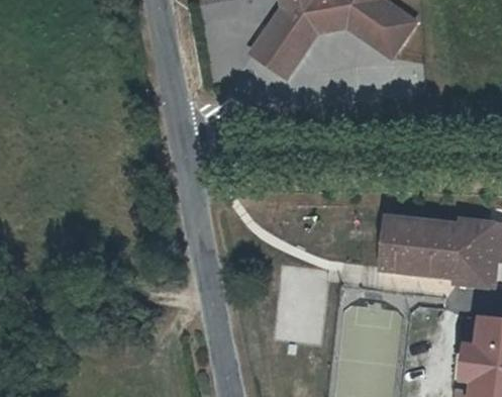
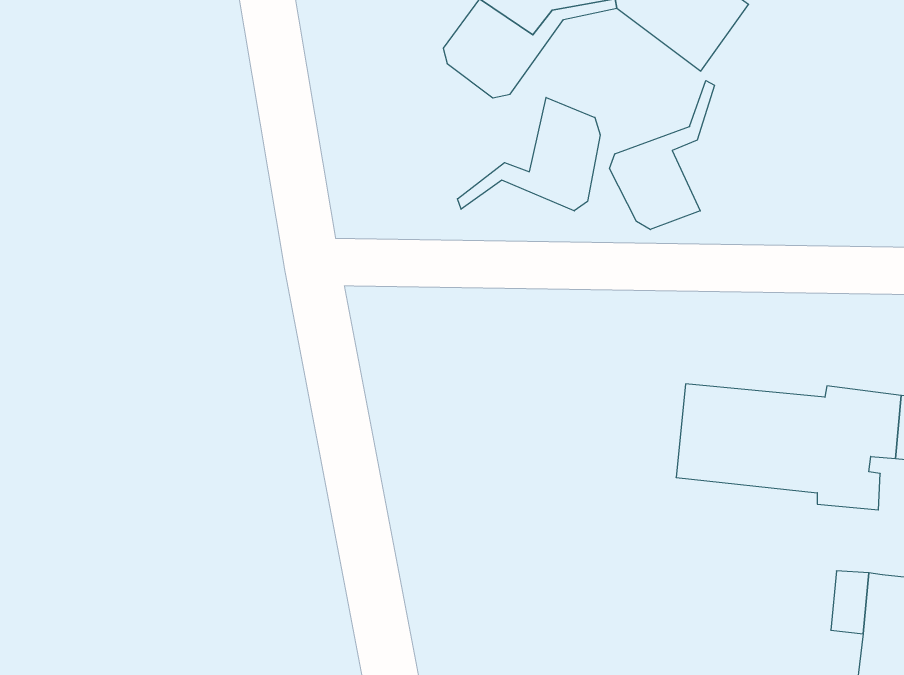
building: none -> [609,81,715,230]
building: none -> [457,97,600,211]

